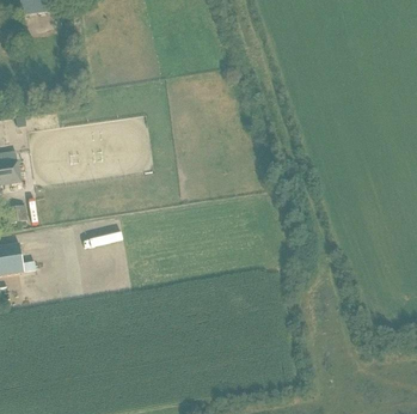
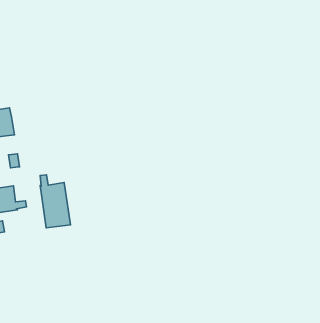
building: none -> [40,175,70,228]

